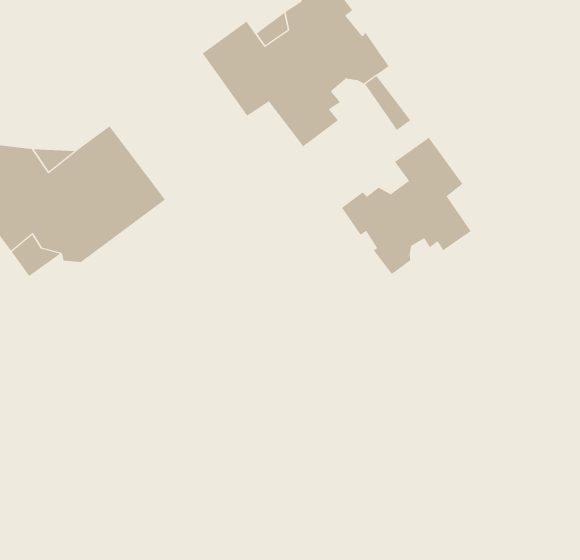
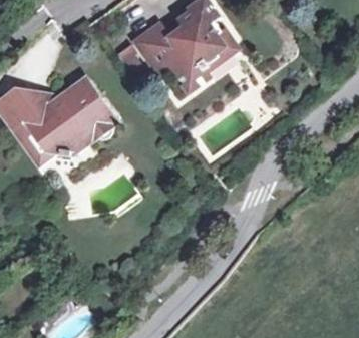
building: [341,137,471,275] -> none

